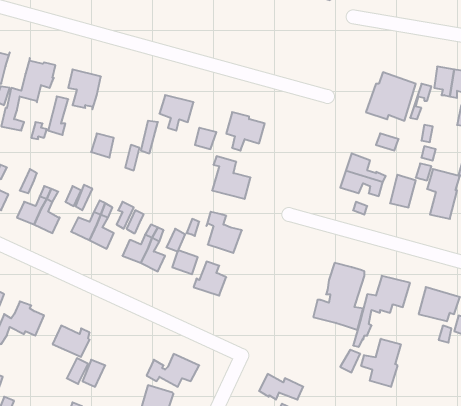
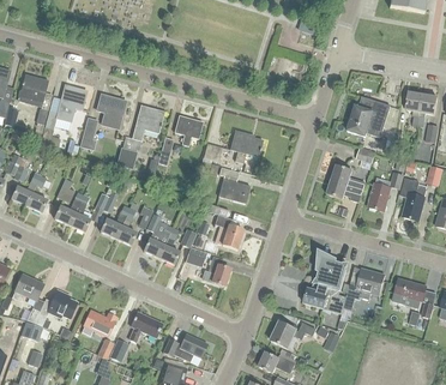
building: none -> [132,104,164,139]
building: none -> [128,311,163,342]
building: none -> [270,320,315,348]
building: [361,339,401,387] -> none

